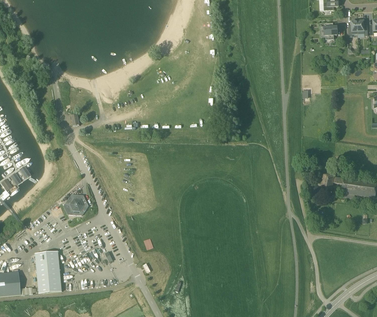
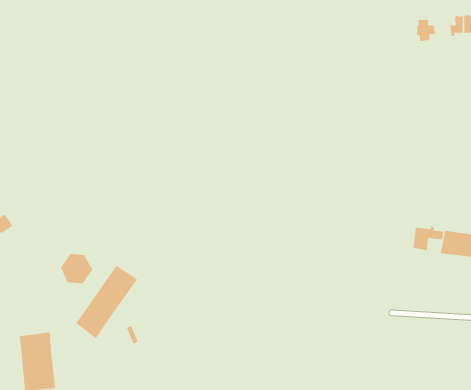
building: none -> [75,265,138,339]

